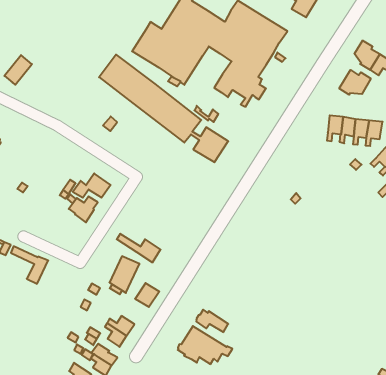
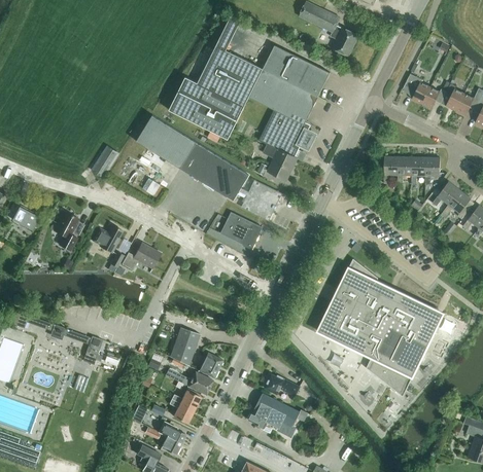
building: [4,55,32,85] -> [92,146,119,178]
building: [339,70,371,95] -> none
building: none -> [264,140,298,180]
building: none -> [55,212,78,250]
building: none -> [223,212,265,250]
building: [69,196,98,222] -> [93,225,123,253]
building: none -> [314,257,442,395]
building: [117,234,161,262] -> [166,368,213,395]

